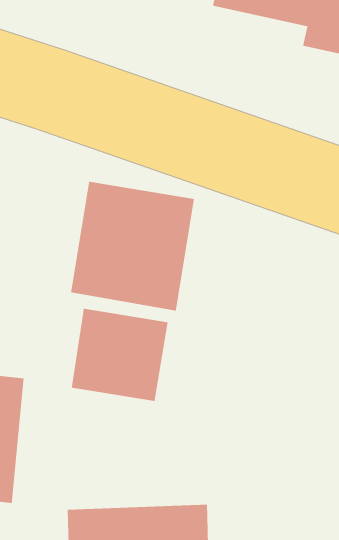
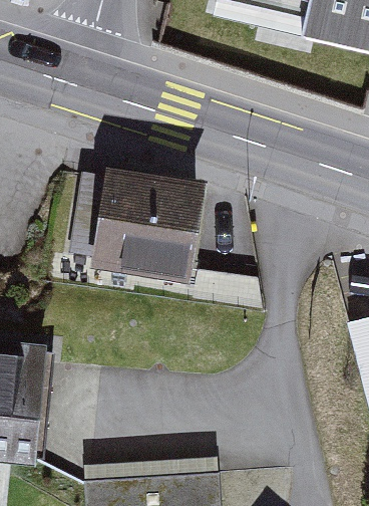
building: [71,308,168,402] -> none

